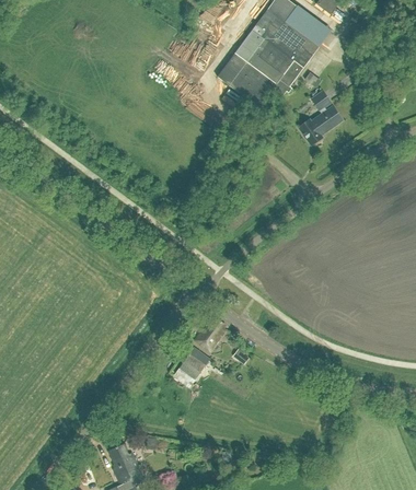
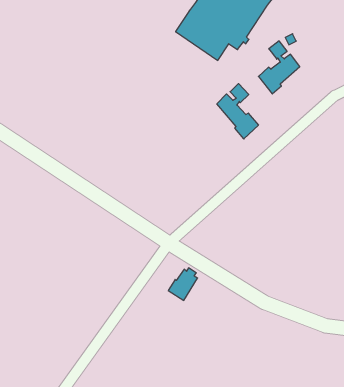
building: none -> [217,84,258,139]
building: [178,347,209,378] -> none

